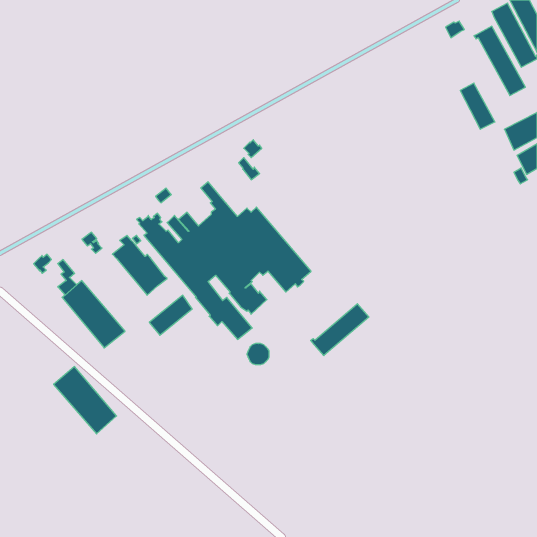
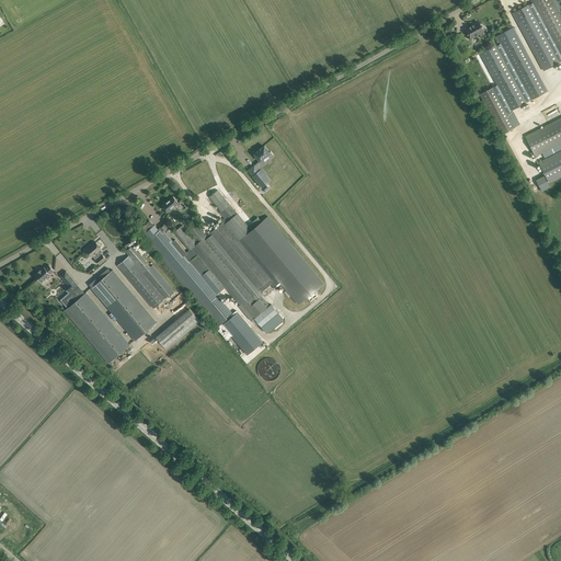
building: none -> [480,44,529,111]
building: [311,304,369,356] -> none
building: [54,367,117,434] -> [91,270,157,340]

